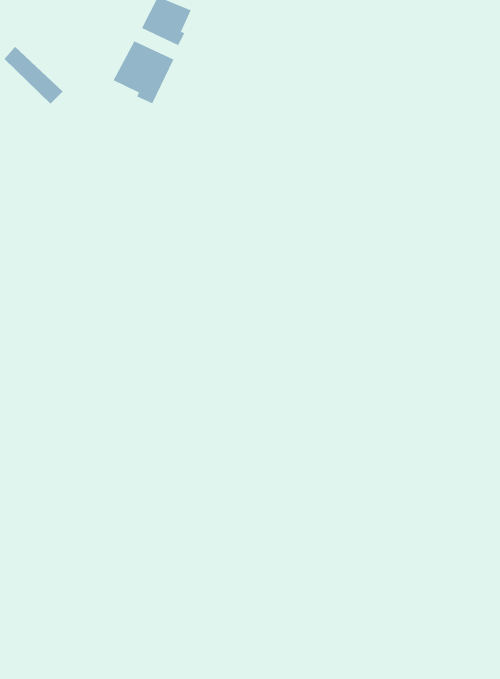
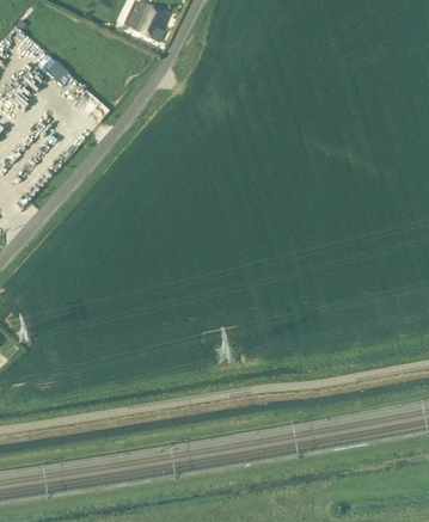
building: [113,41,174,104] -> none

